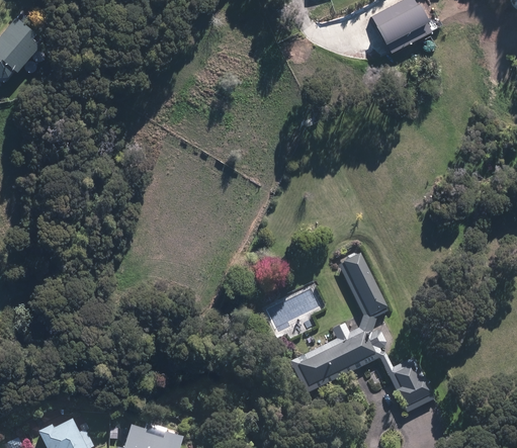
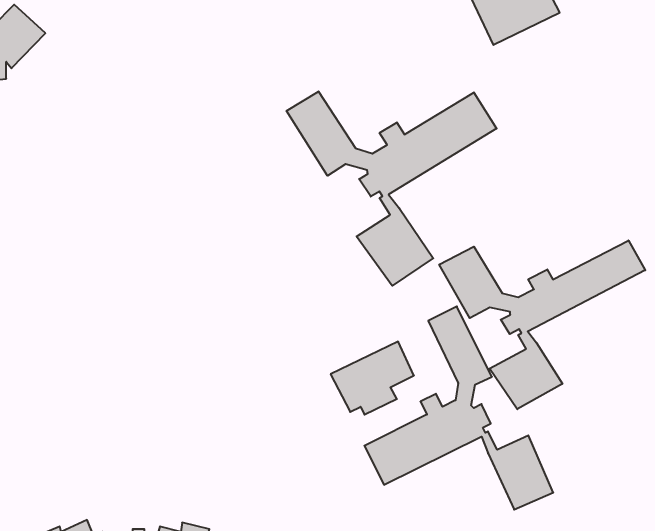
building: none -> [287,91,497,286]
building: none -> [439,240,645,409]

